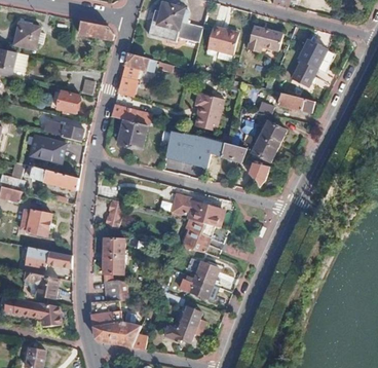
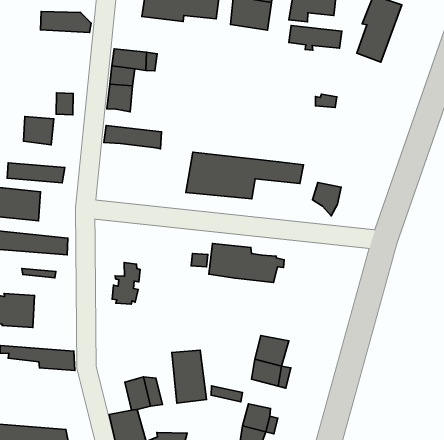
building: [194,93,223,131] -> none
building: [276,93,313,112] -> [289,26,342,50]
building: [116,118,146,149] -> none
building: [252,121,285,161] -> none
building: [182,220,214,252] -> none
building: [103,237,123,272] -> [172,350,207,403]
building: [26,271,60,298] -> none

